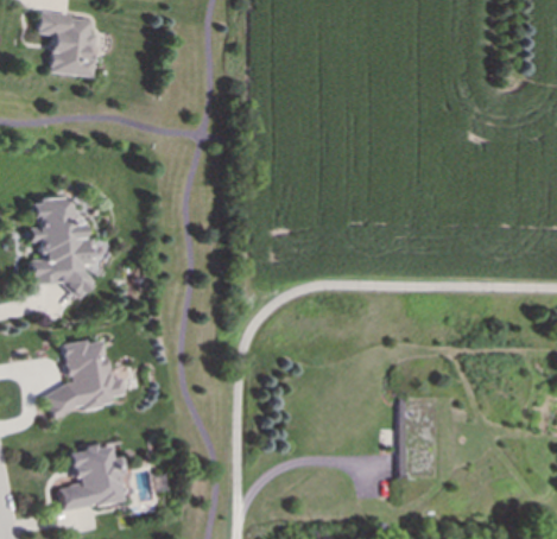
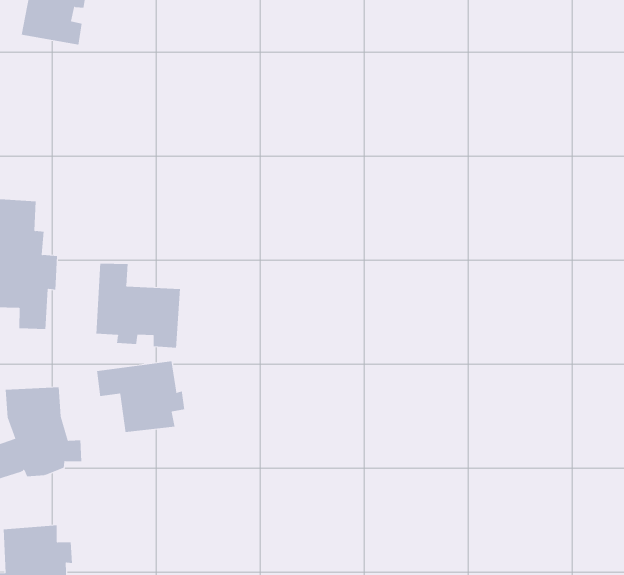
building: none -> [96,263,180,349]
building: none -> [97,360,185,433]

